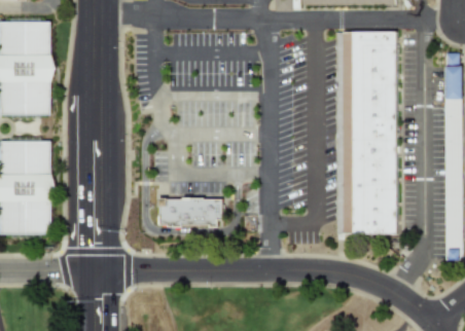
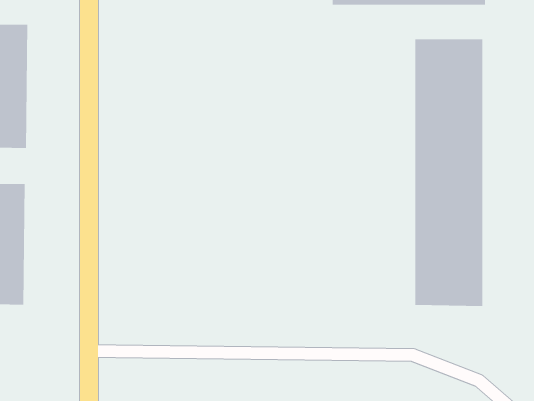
building: [162,195,223,226] -> none

